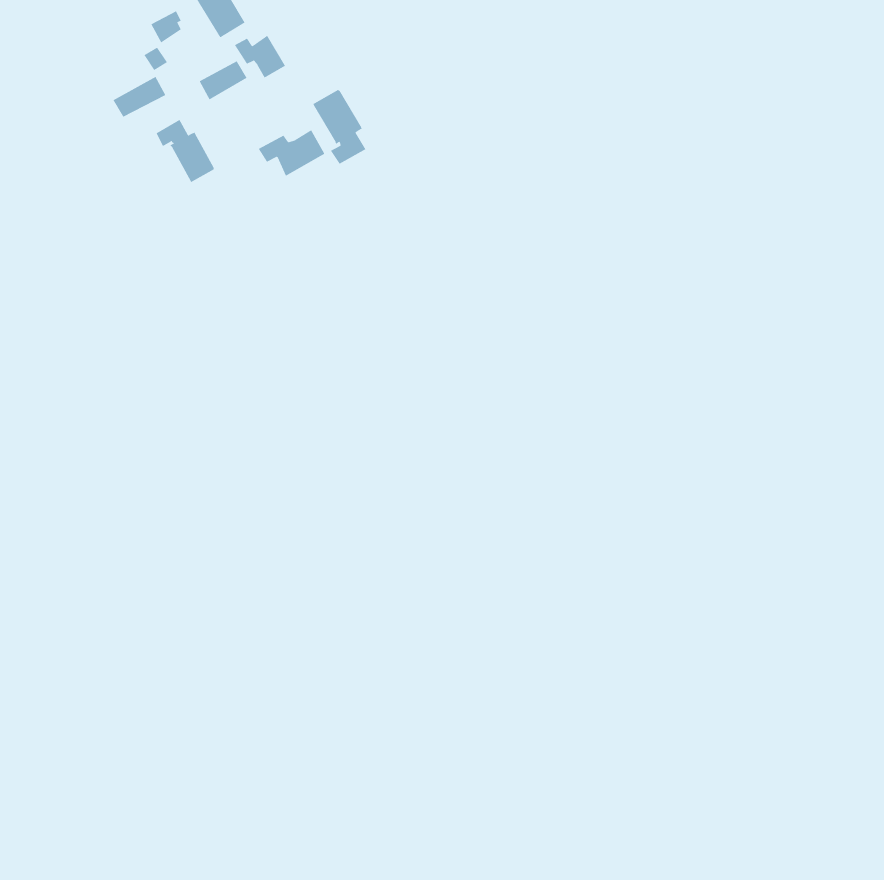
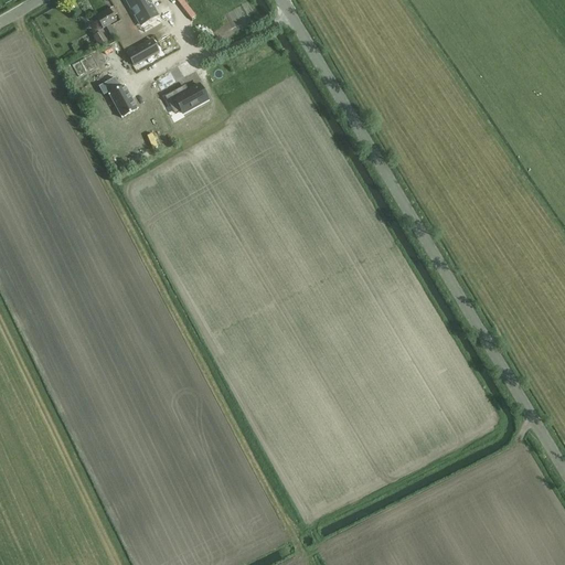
building: [234,35,286,78] -> none
building: [312,89,366,165] -> none

